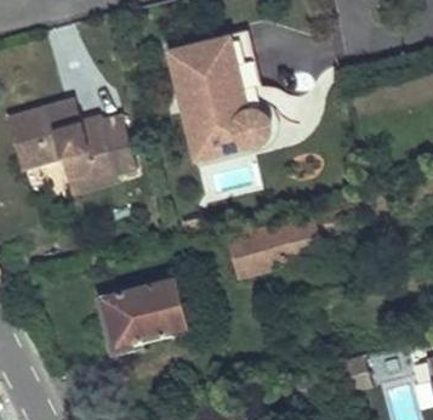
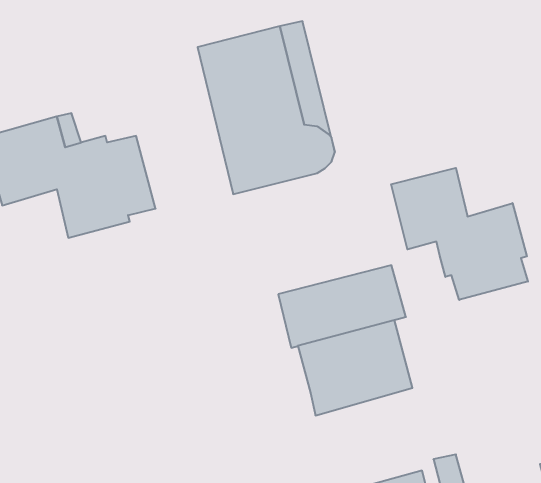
building: none -> [391,168,528,300]
building: [102,276,188,347] -> [298,320,412,415]

